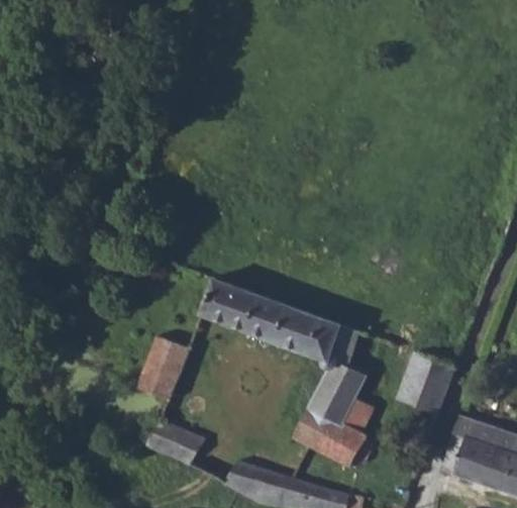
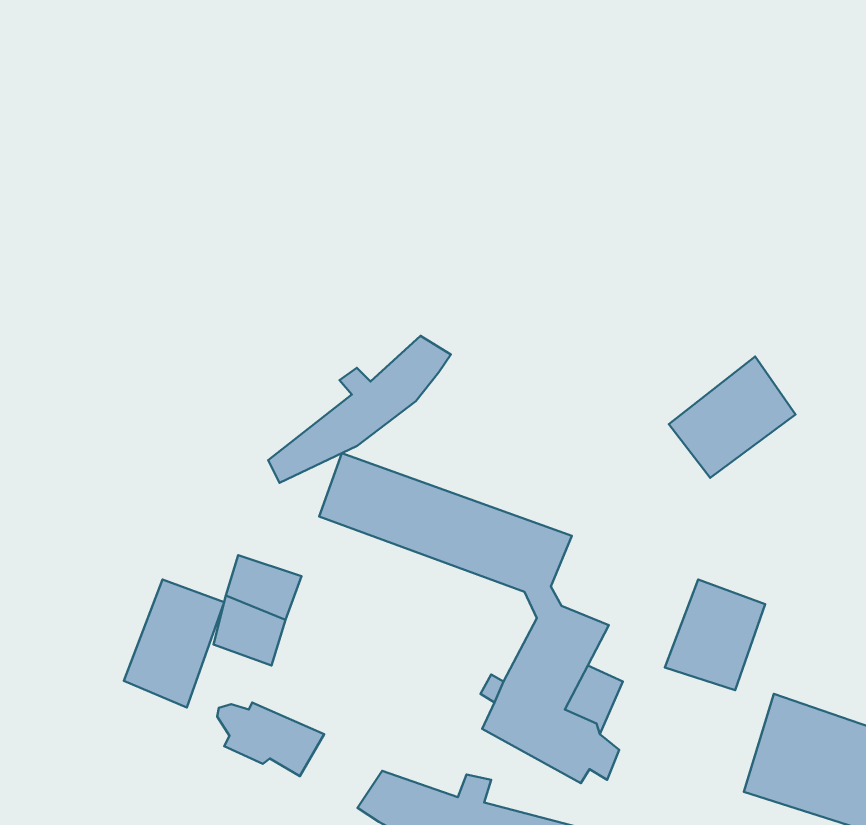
building: none -> [268,336,451,483]
building: none -> [669,357,795,478]
building: none -> [124,580,224,707]

